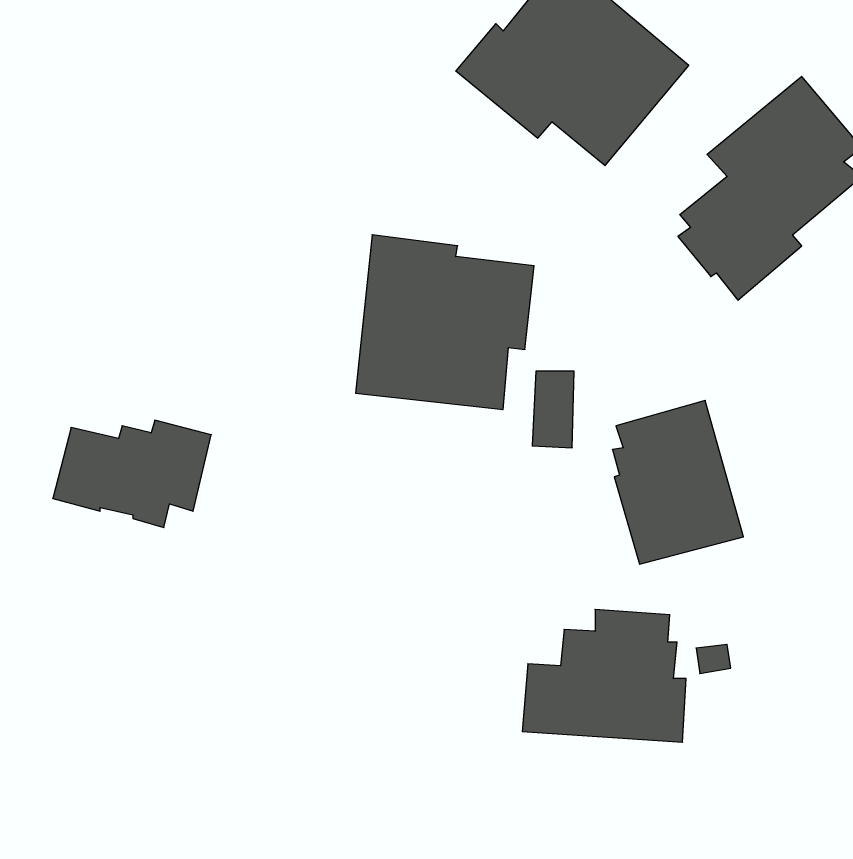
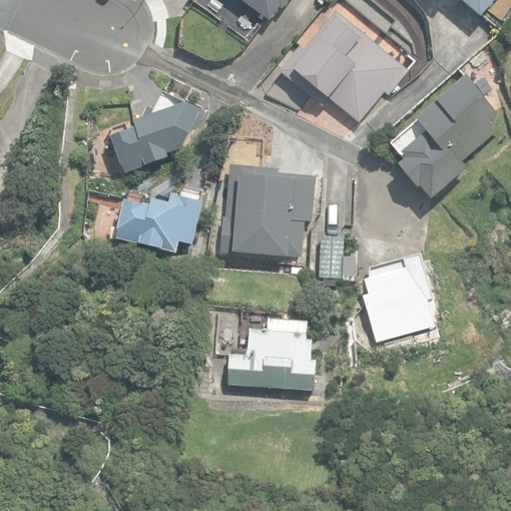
building: none -> [110,92,199,174]
building: [53,420,211,528] -> [114,194,201,253]
building: [522,609,686,742] -> [225,318,316,391]

